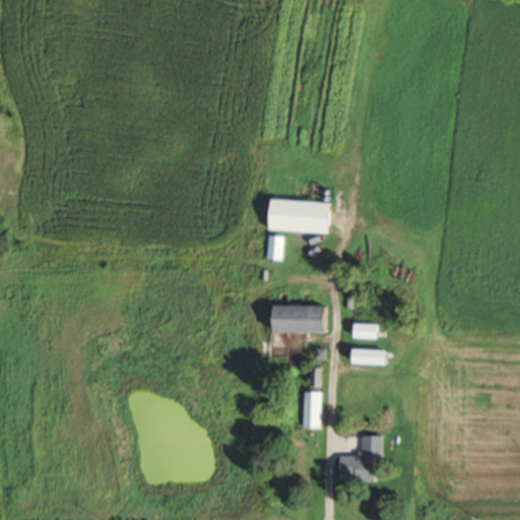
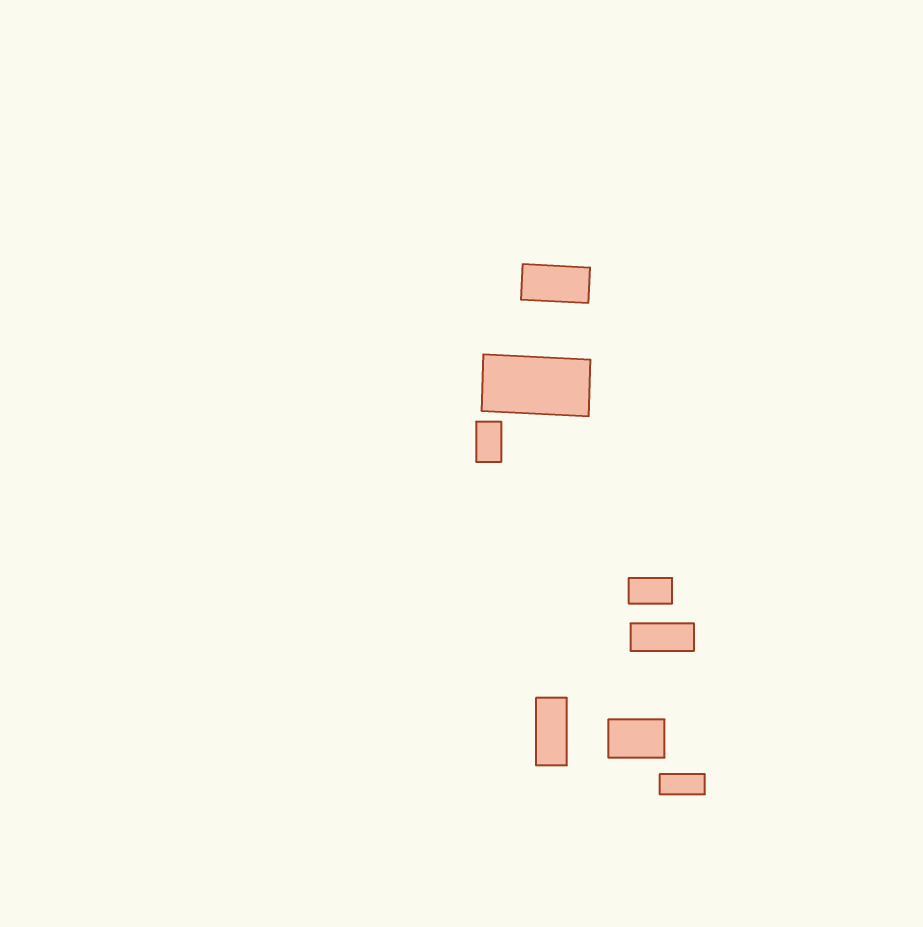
building: none -> [521,264,590,303]
building: [276,305,327,333] -> none
building: [334,452,366,473] -> [608,719,665,758]

